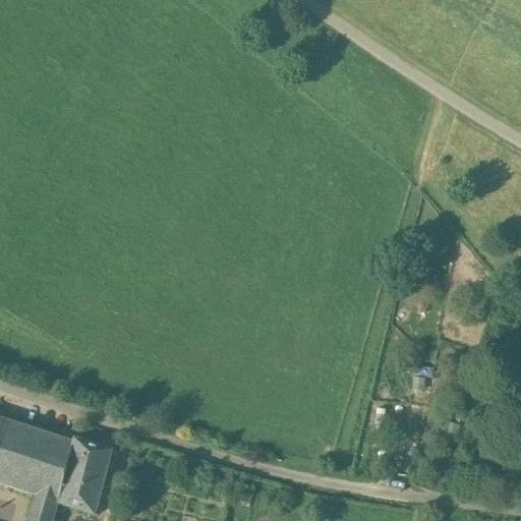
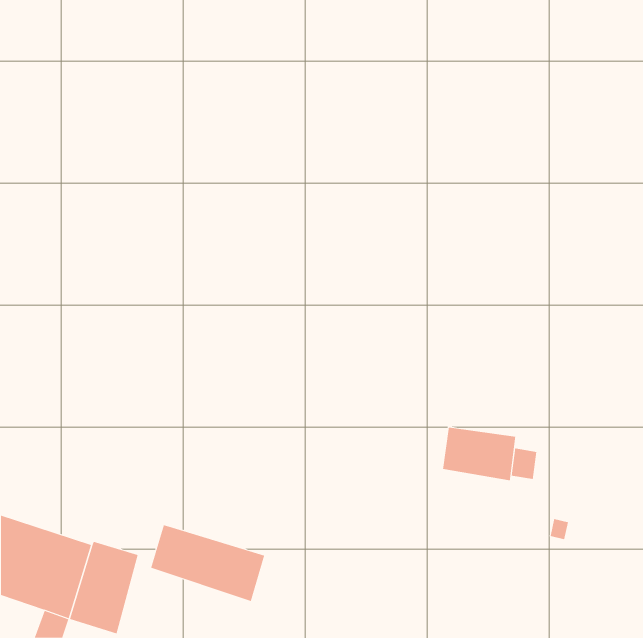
building: none -> [443,427,516,481]
building: none -> [150,525,265,602]

